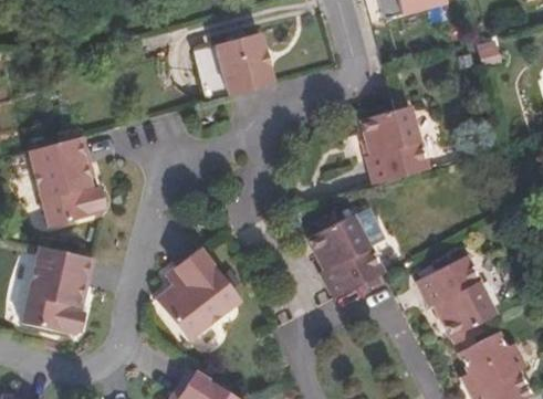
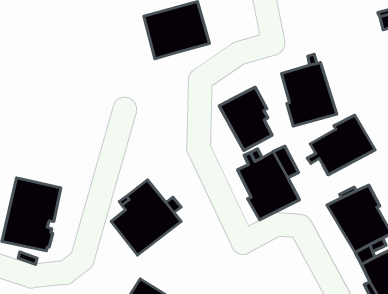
building: none -> [219,87,272,150]
building: [29,137,103,227] -> none
building: none -> [307,115,375,175]

